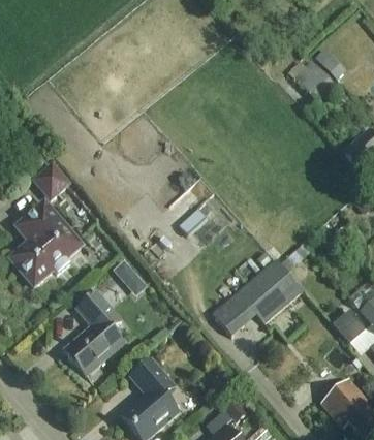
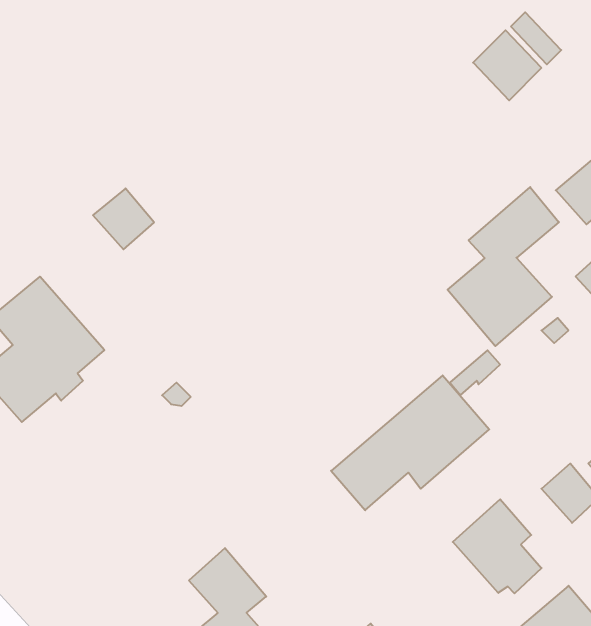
building: none -> [448,187,559,346]
building: [33,163,68,198] -> [93,188,154,249]
building: [64,290,123,374] -> none
building: none -> [453,499,542,593]

